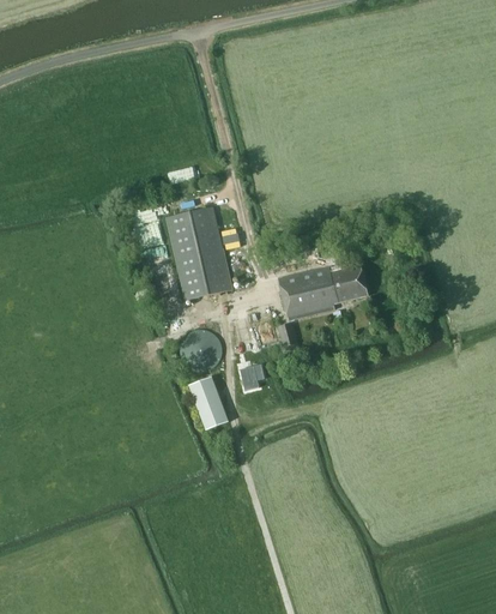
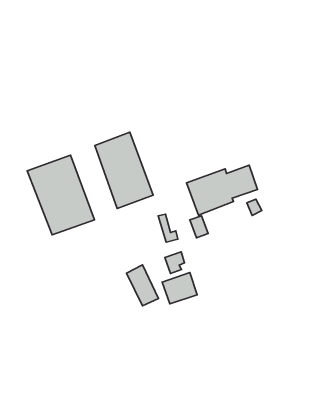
building: none -> [27,155,94,235]
building: [187,327,220,359] -> none
building: none -> [162,273,197,304]

